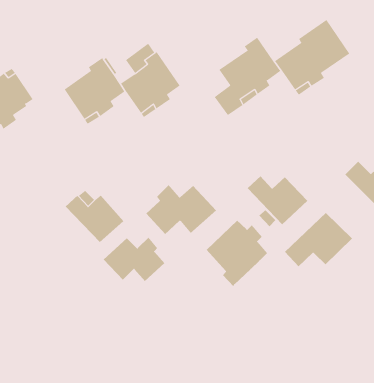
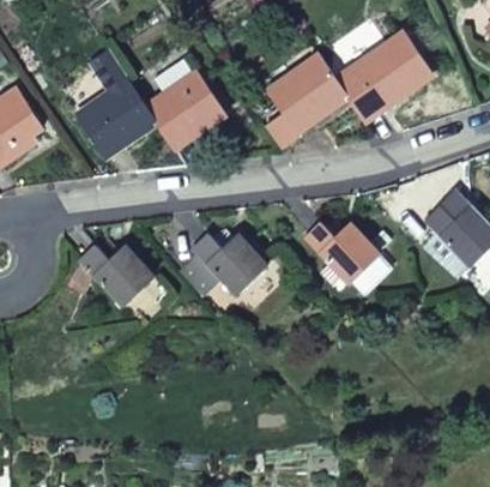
building: [284,212,353,267] -> none
building: [206,220,268,287] -> none
building: [103,237,165,282] -> none

